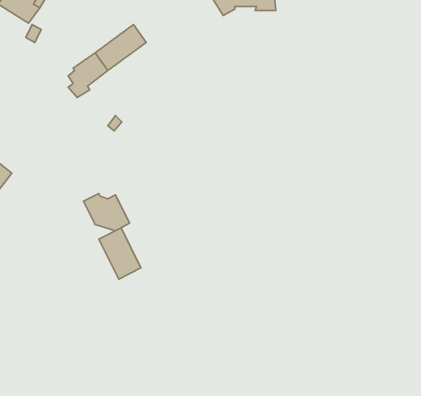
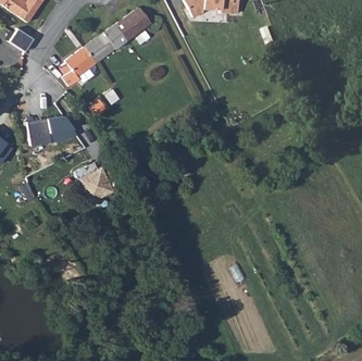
building: none -> [116,7,150,38]
building: none -> [28,114,78,145]
building: [99,228,141,279] -> none

